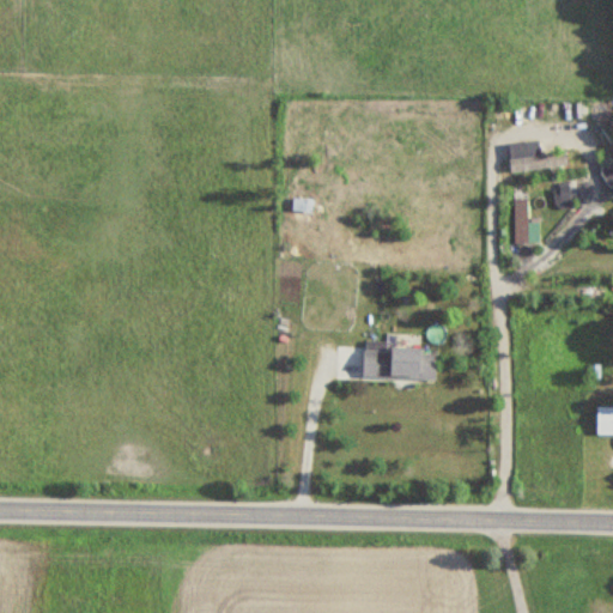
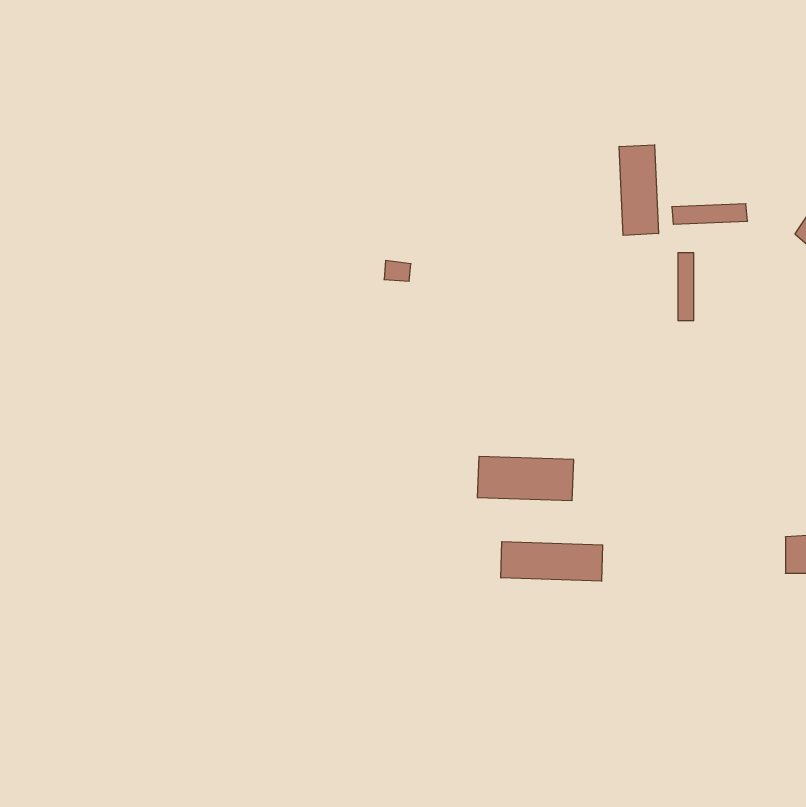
building: none -> [619,145,658,235]
building: none -> [501,542,603,581]

